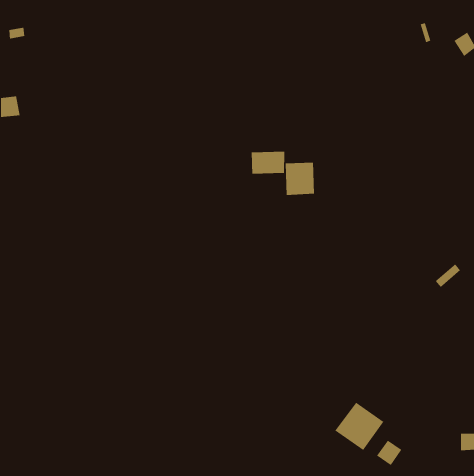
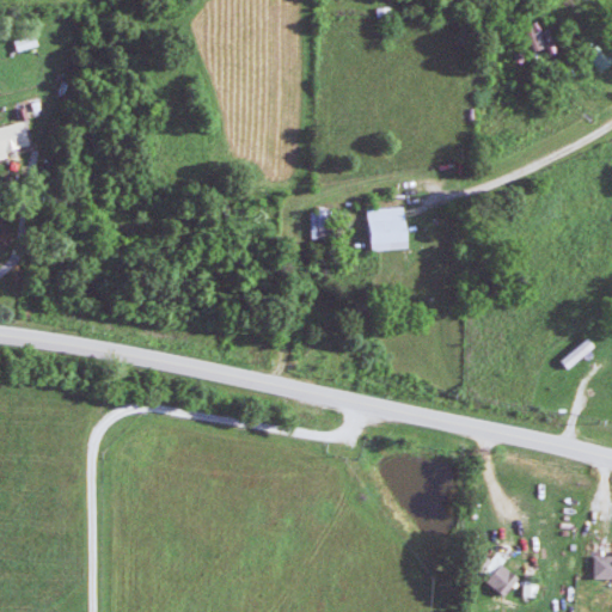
building: [251,151,285,175] -> none
building: [335,402,384,451] -> none

